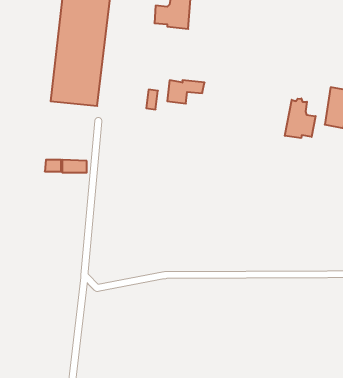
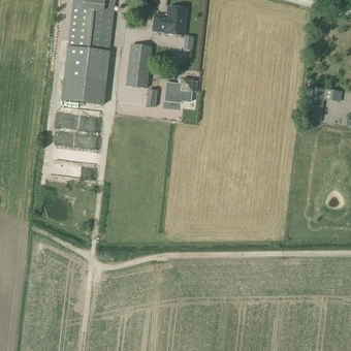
building: none -> [126,53,151,86]
building: [285,98,316,138] -> none

